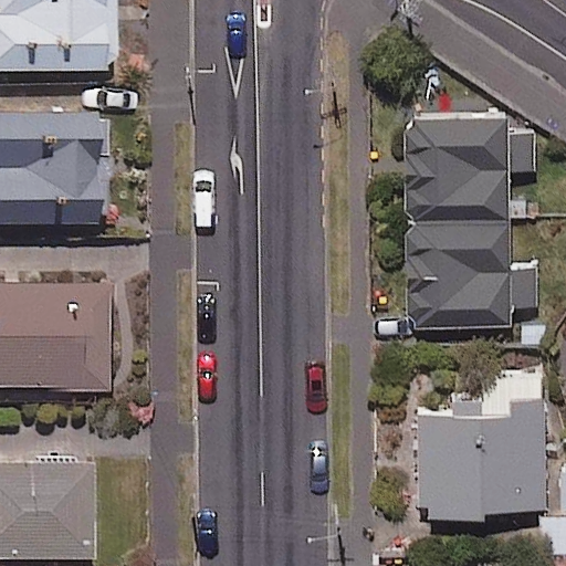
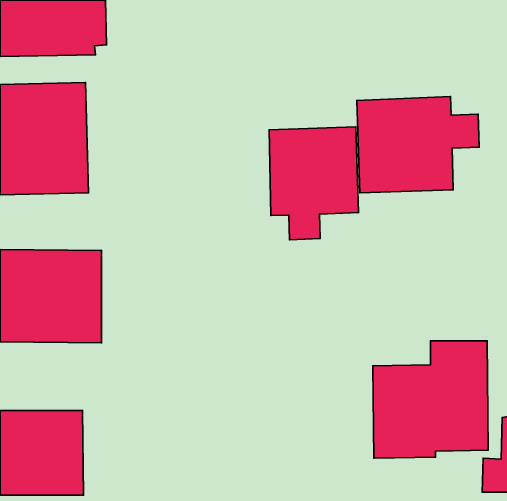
building: none -> [269,127,359,240]
building: [401,219,537,329] -> none

